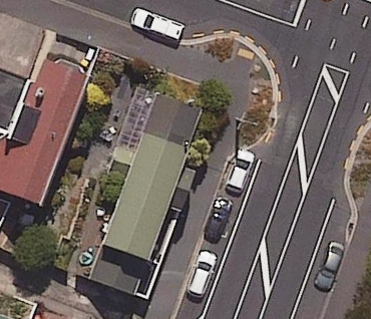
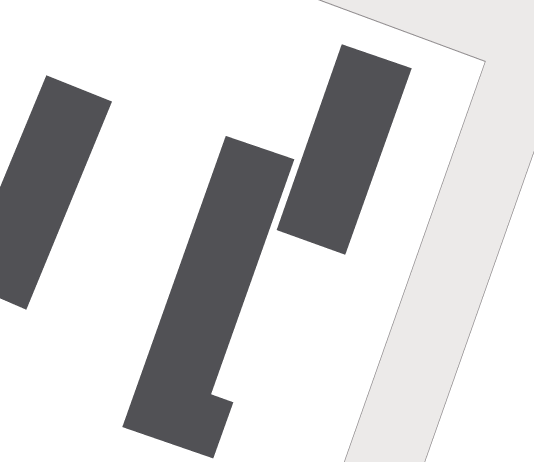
building: none -> [275,43,413,256]

